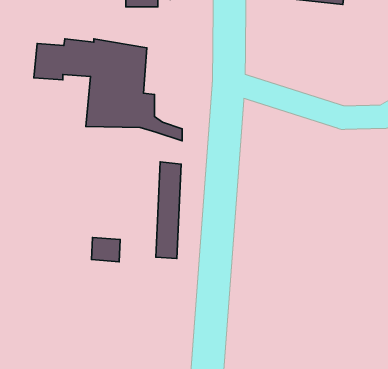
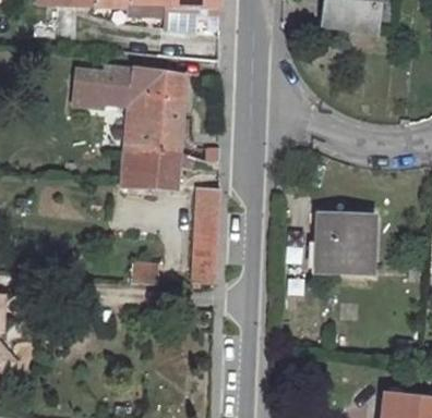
building: none -> [121,150,192,192]
building: none -> [321,214,375,272]

